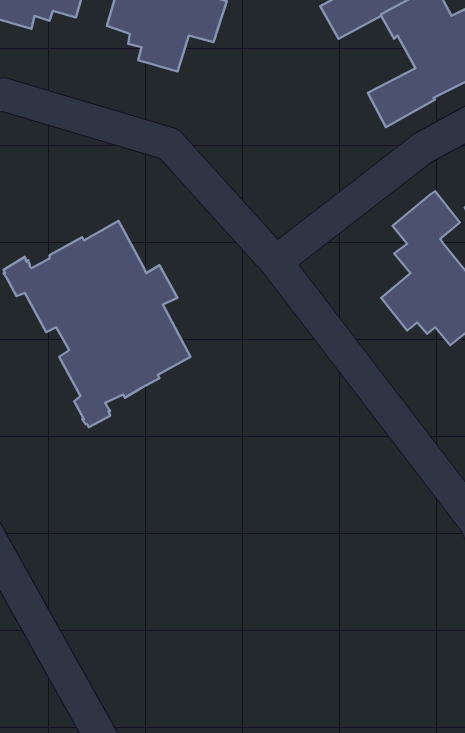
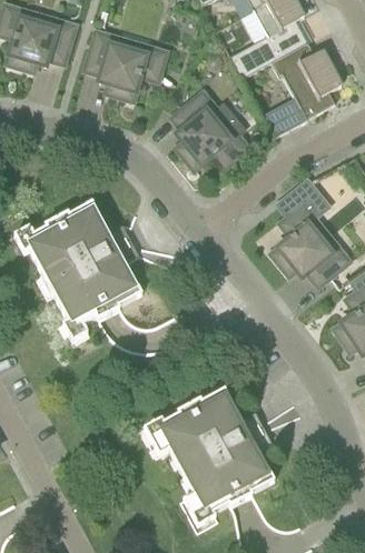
building: none -> [171,90,248,169]
building: none -> [144,389,274,515]

